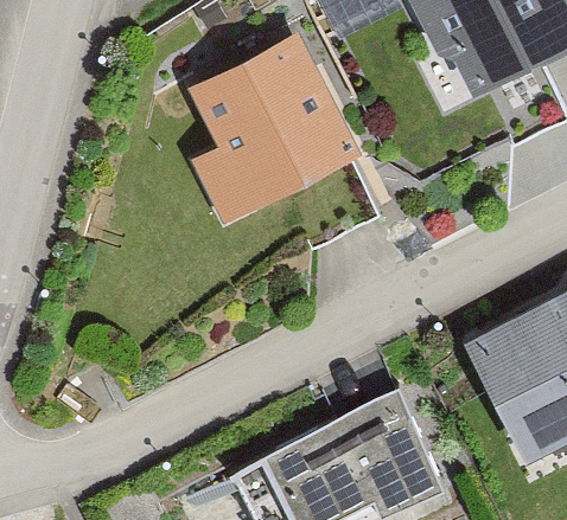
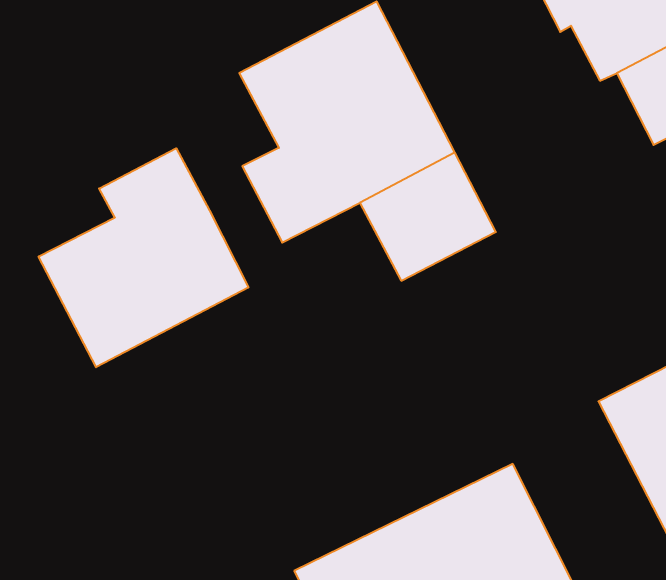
building: none -> [39,148,248,367]

